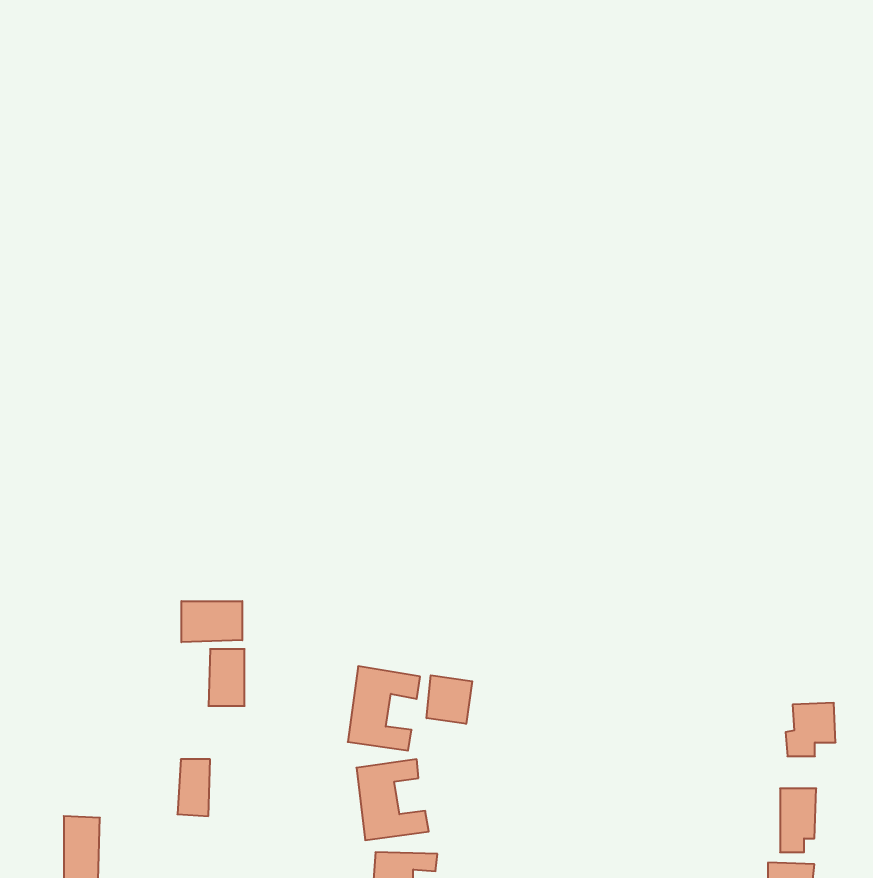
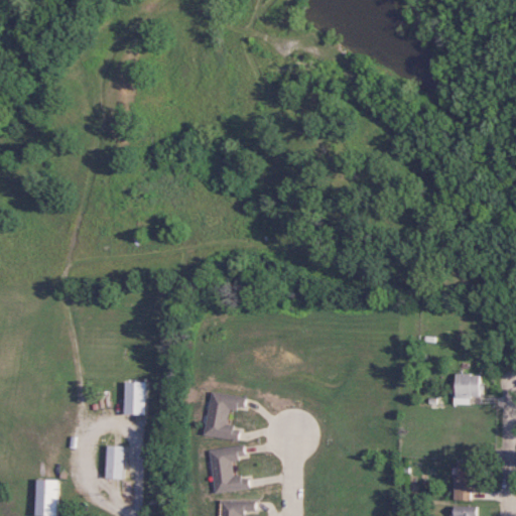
building: [181,601,242,642] -> none
building: [427,675,472,724] -> none
building: [786,703,836,756] -> [453,373,482,404]

